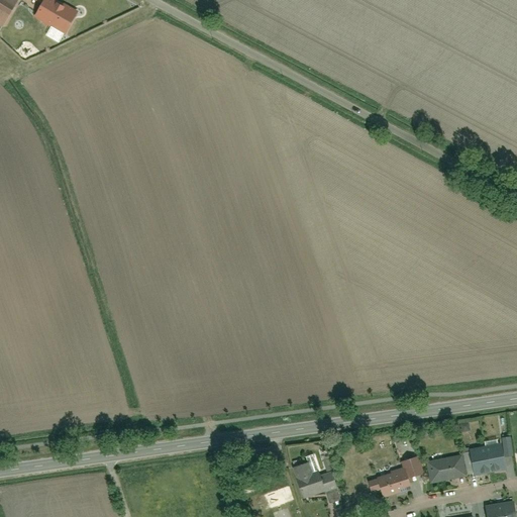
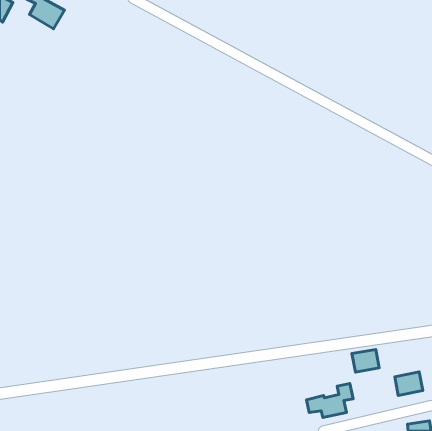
building: [432,454,464,482] -> [352,349,379,372]
building: [290,458,335,497] -> none

